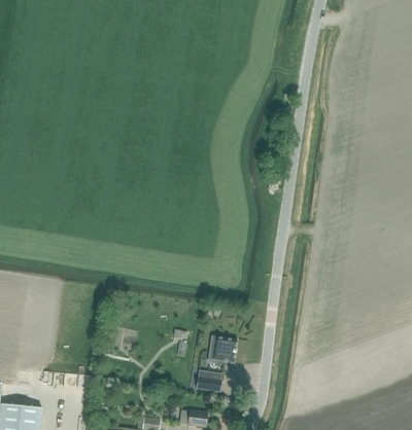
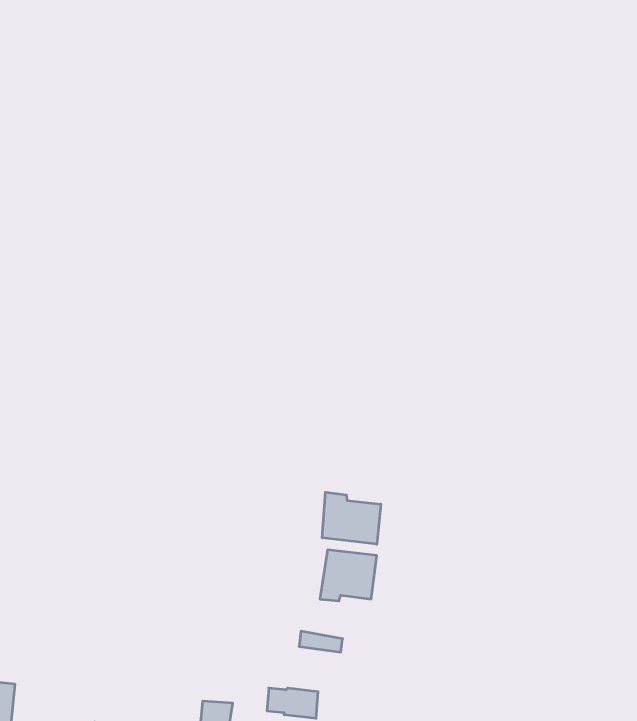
building: none -> [322,492,381,544]

